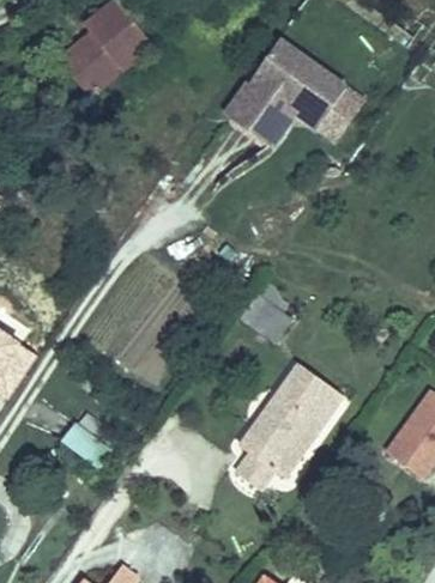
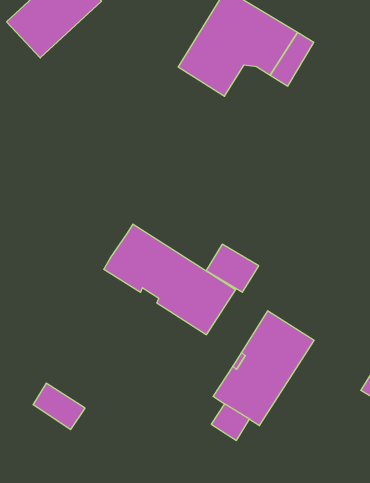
building: none -> [104,224,236,335]

